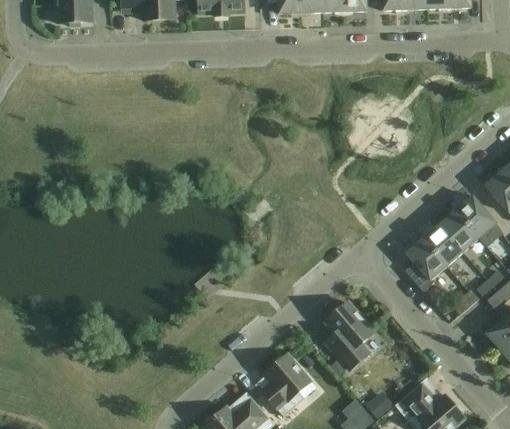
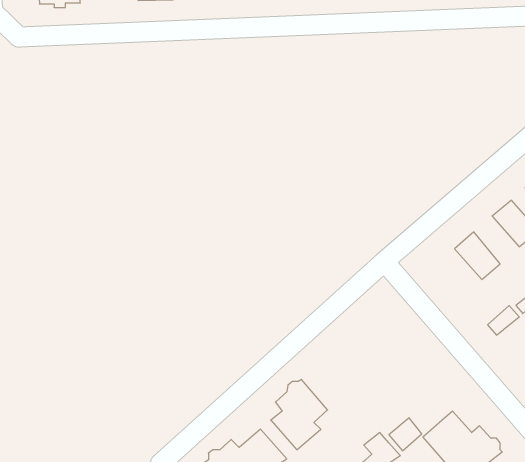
building: [440,209,480,251] -> none
building: [405,238,447,290] -> none
building: [325,301,374,369] -> none

